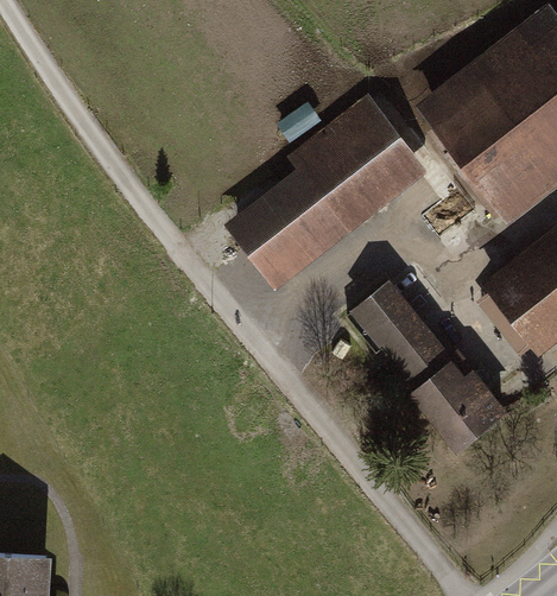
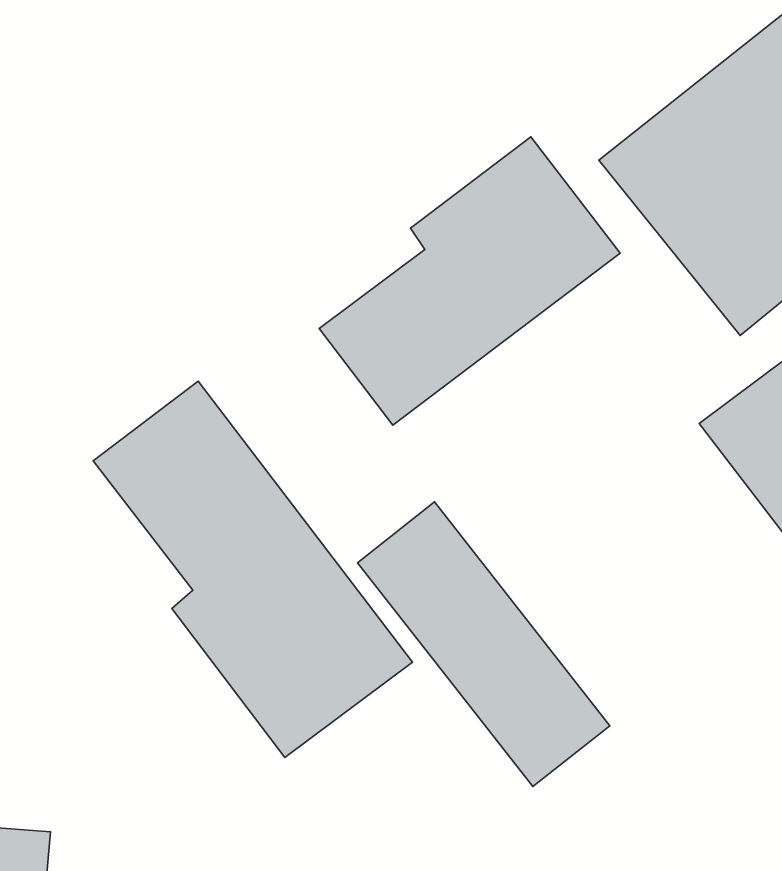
building: none -> [93,381,412,757]
building: [343,273,511,462] -> [357,502,610,787]

